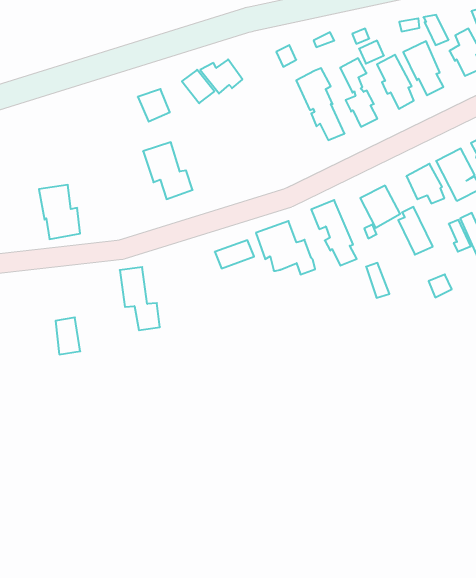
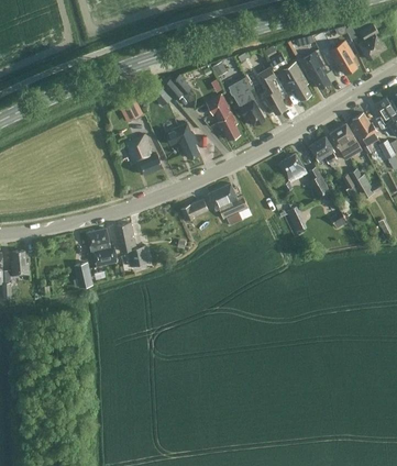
building: none -> [165,123,199,158]
building: [39,185,80,239] -> [86,229,117,267]
building: [311,200,357,266] -> [206,95,240,140]

